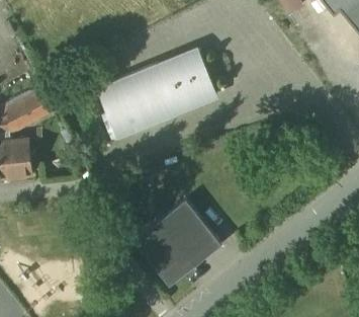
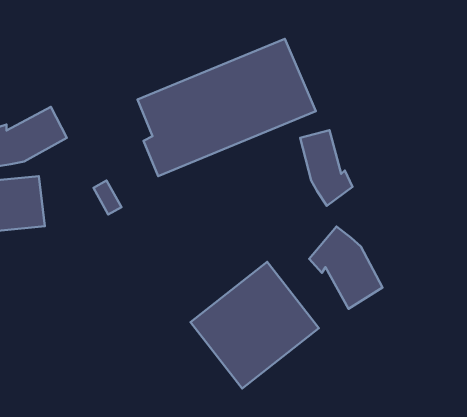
building: none -> [300,130,353,206]
building: none -> [309,226,382,309]

